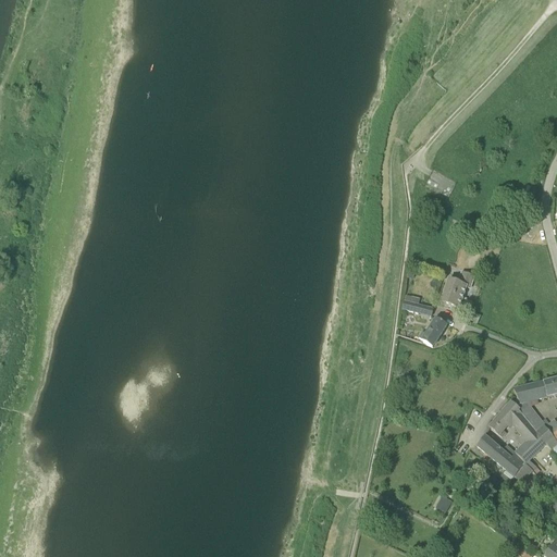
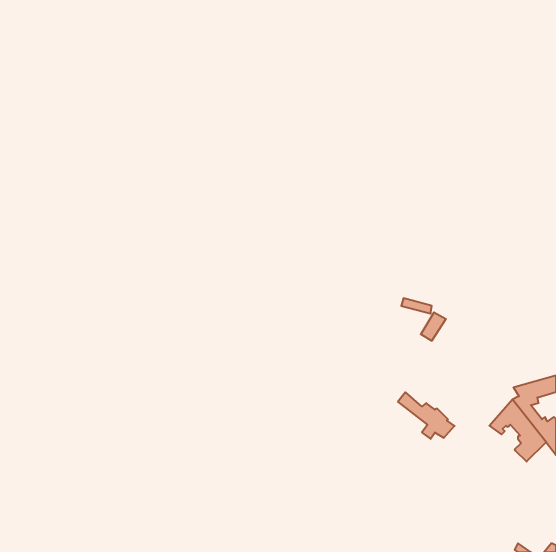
building: [440,270,472,306] -> none
building: [475,434,532,481] -> [398,392,455,439]

